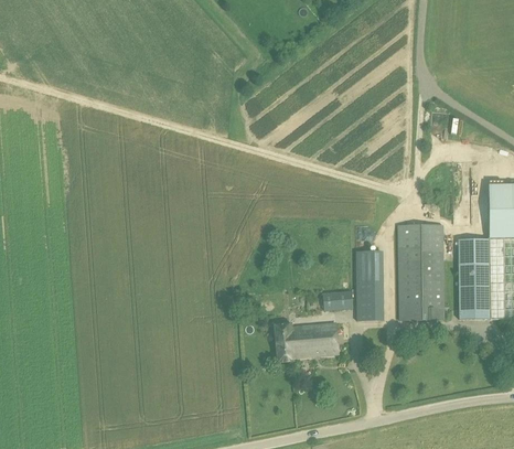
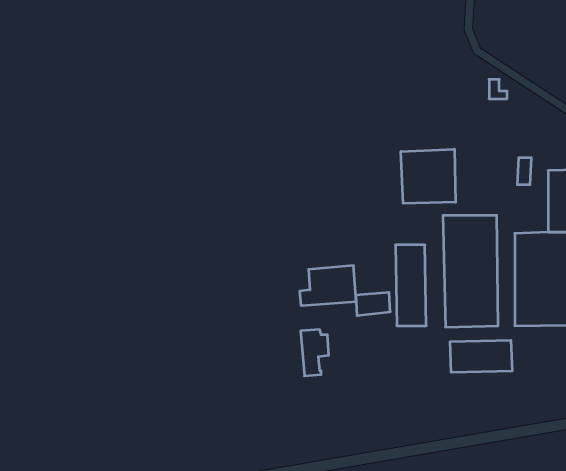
building: none -> [401,149,456,203]
building: [290,323,339,357] -> [300,266,356,305]
building: none -> [450,340,512,372]

